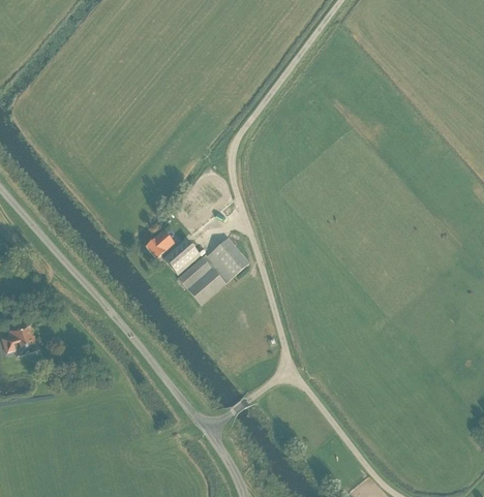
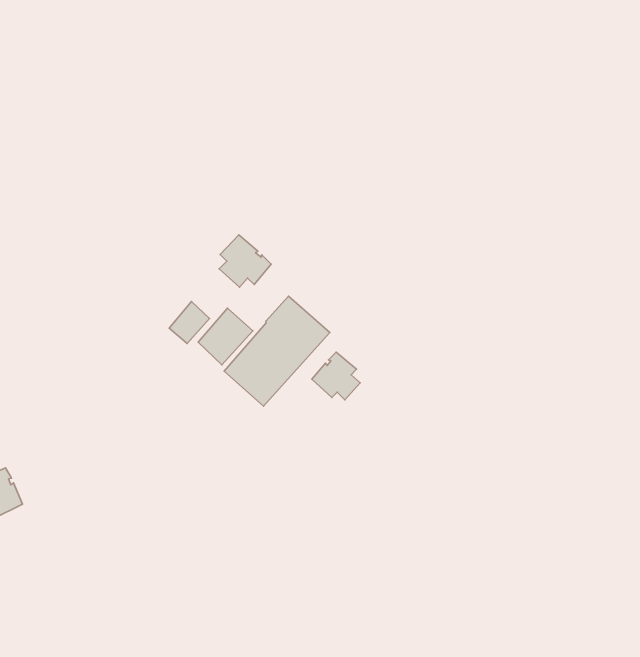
building: none -> [219,235,271,287]
building: none -> [312,352,360,400]

